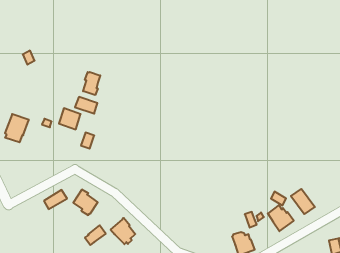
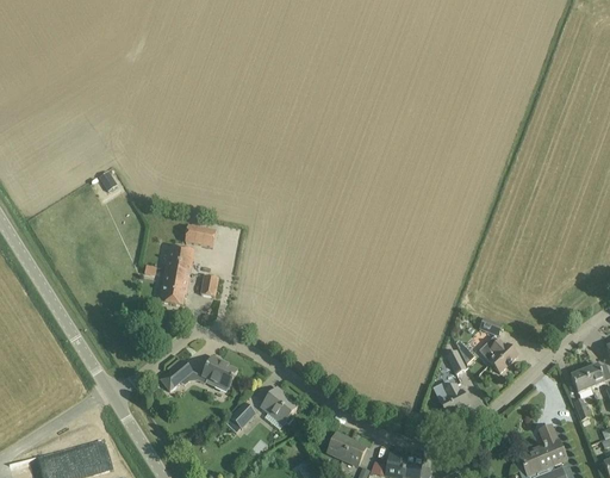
building: [83,72,100,95] -> none
building: [5,114,29,142] -> [158,268,189,306]
building: [291,189,315,214] -> none

